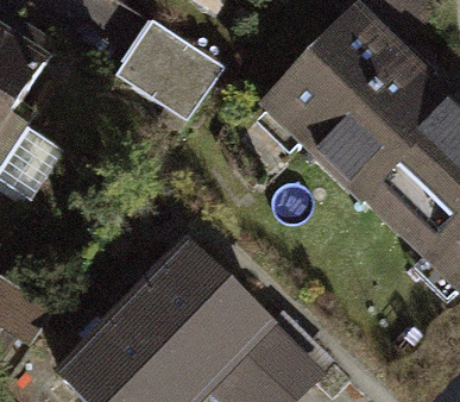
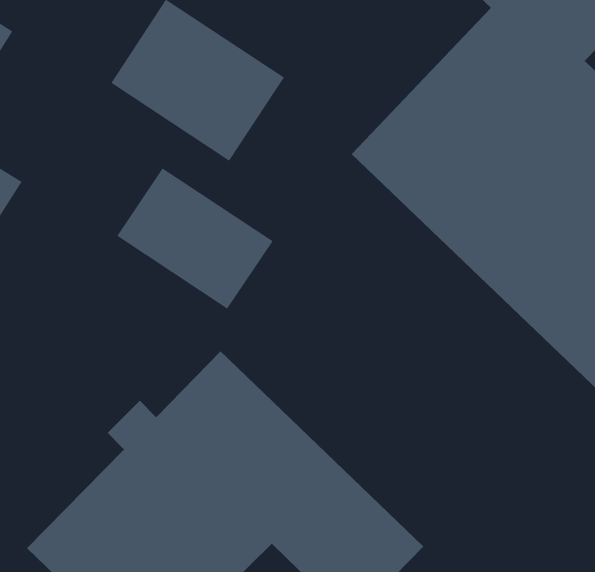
building: none -> [116,168,273,309]

